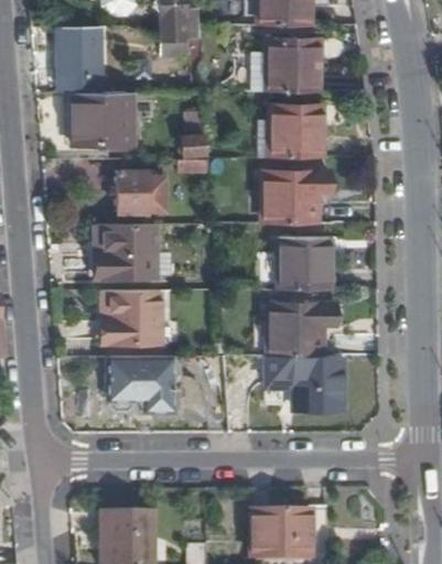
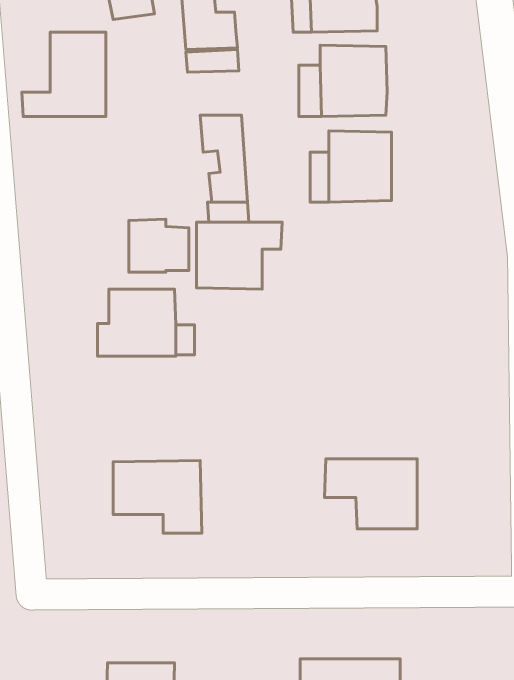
building: [71,93,133,144] -> none
building: [266,173,332,225] -> [196,222,282,289]
building: [278,238,332,292] -> none
building: [101,290,161,343] -> none
building: [270,304,336,357] -> none

